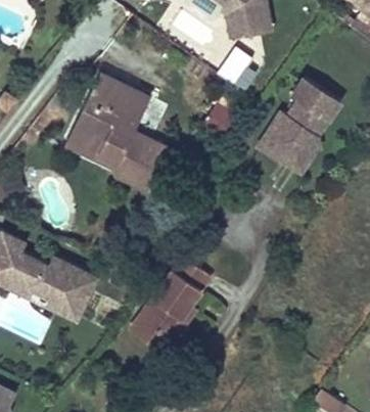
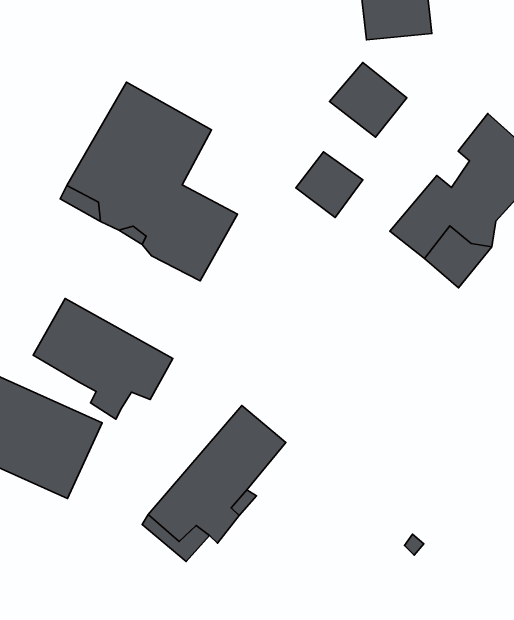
building: none -> [33,298,173,419]

